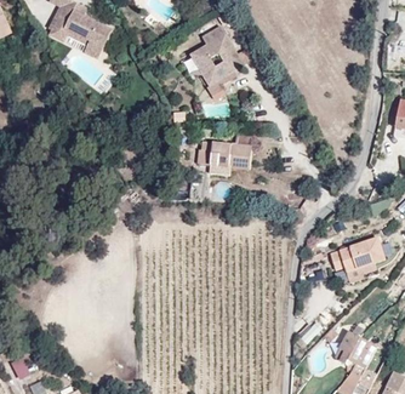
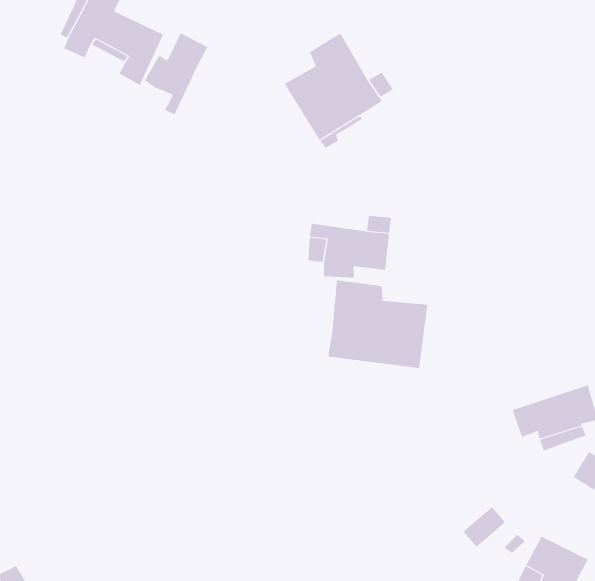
building: none -> [144,33,208,115]
building: none -> [328,280,428,369]

